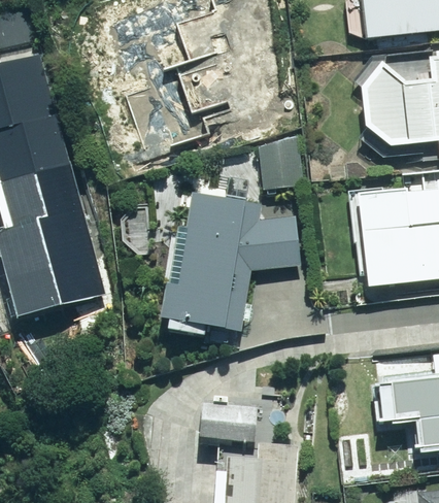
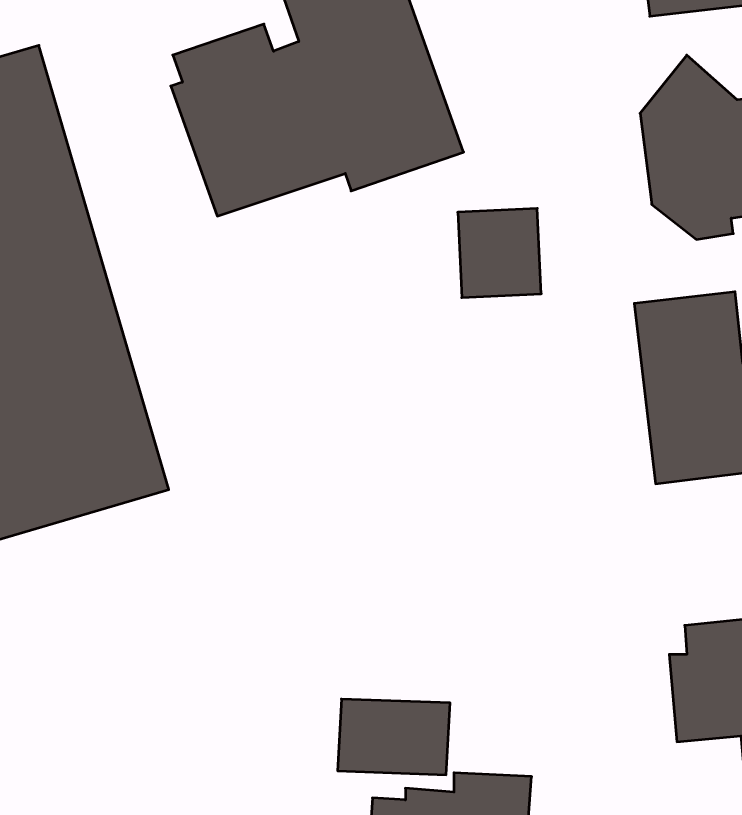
building: [161,194,301,335] -> none

